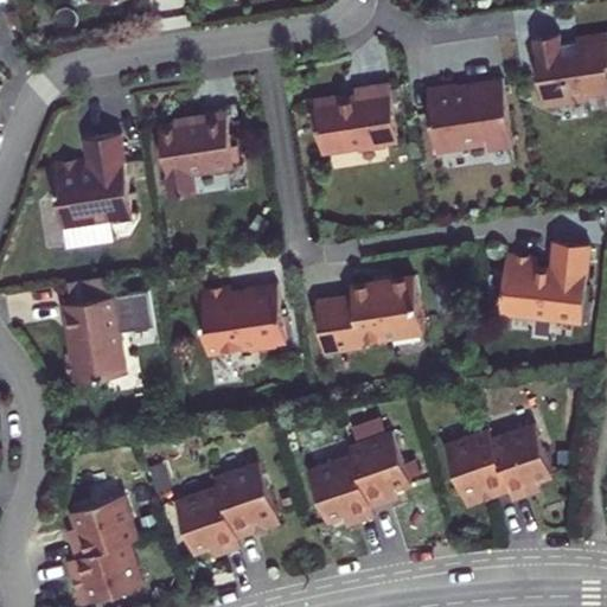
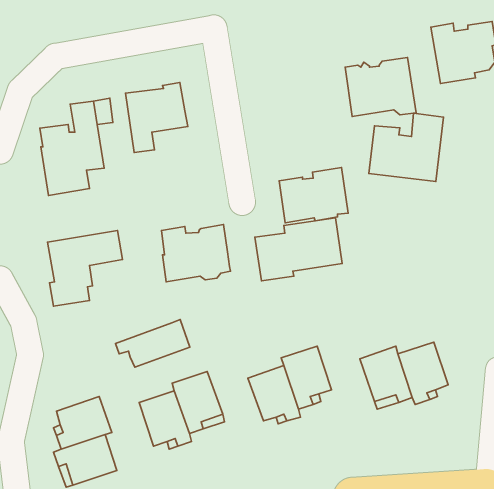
building: [312,85,396,153] -> [279,167,348,223]
building: [496,242,587,325] -> [369,113,444,181]
building: none -> [116,319,190,367]

